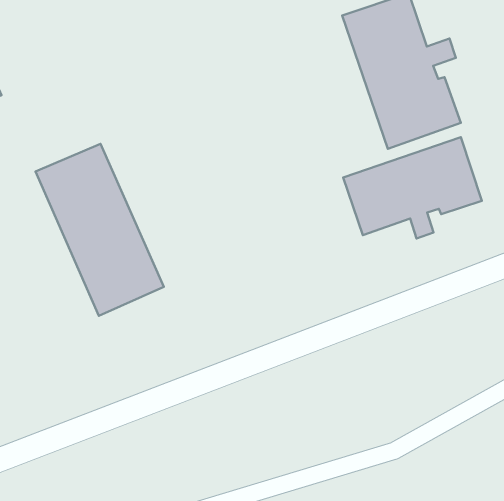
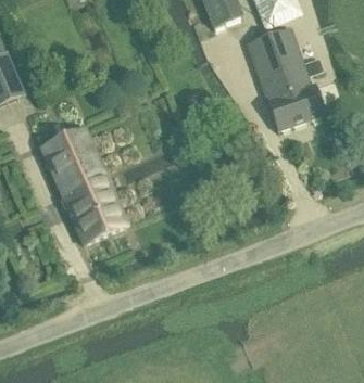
building: [343,137,482,238] -> none

